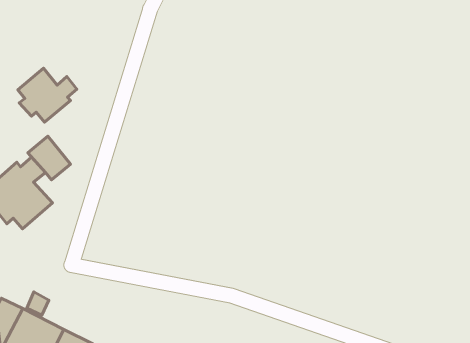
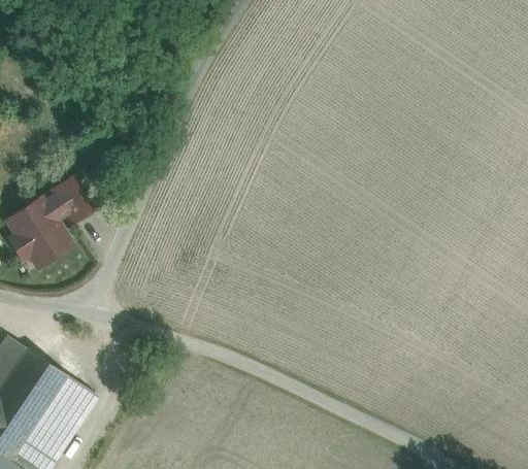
building: [18,68,77,122] -> none

